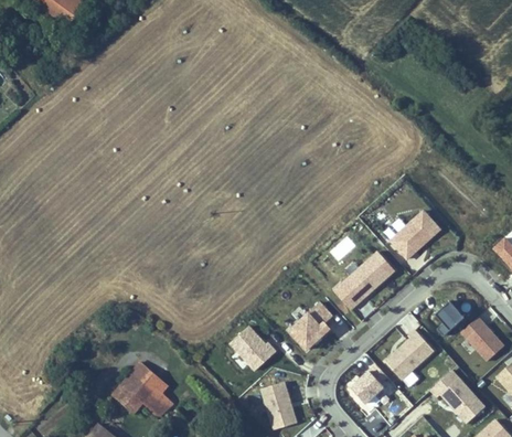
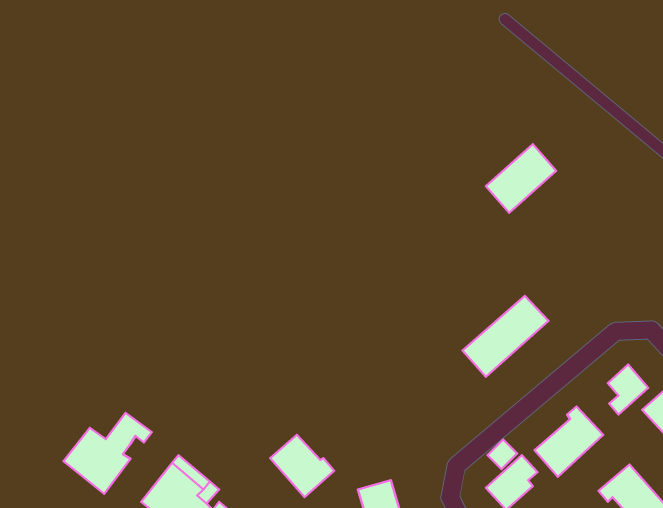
building: [391,210,440,258] -> [486,144,556,213]
building: [289,301,332,349] -> none
building: [230,326,275,370] -> [270,435,334,497]
building: none -> [63,413,152,494]

